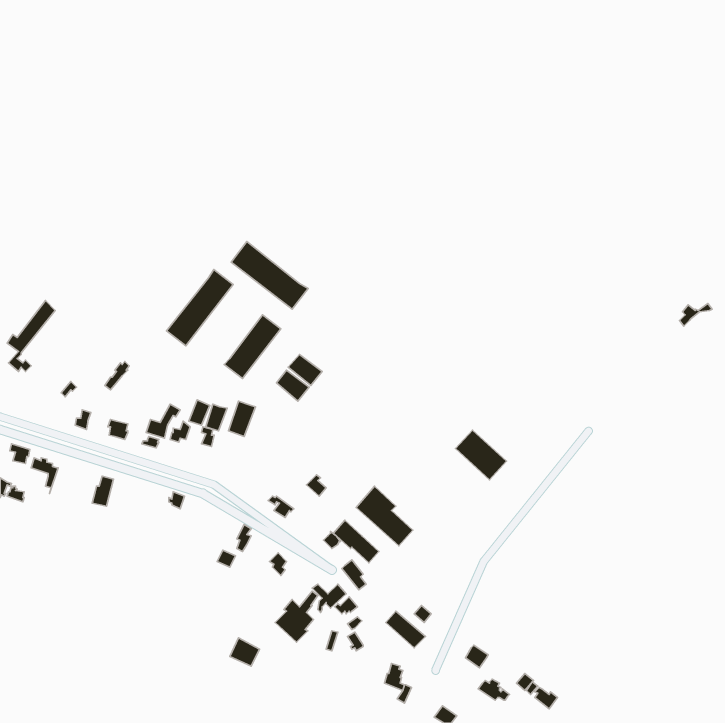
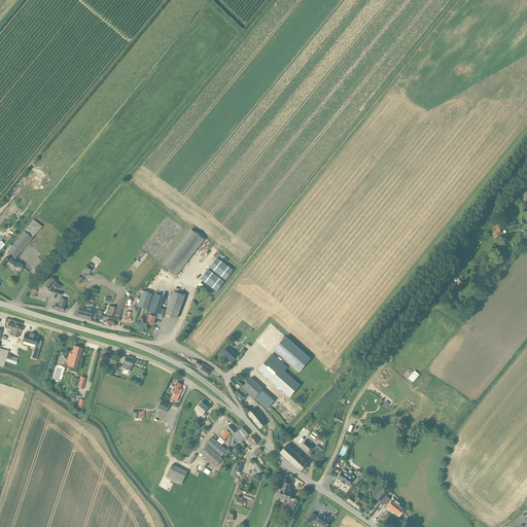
building: [231,242,308,309] -> none
building: [166,270,233,346] -> none
building: [455,430,507,480] -> [274,336,311,372]

